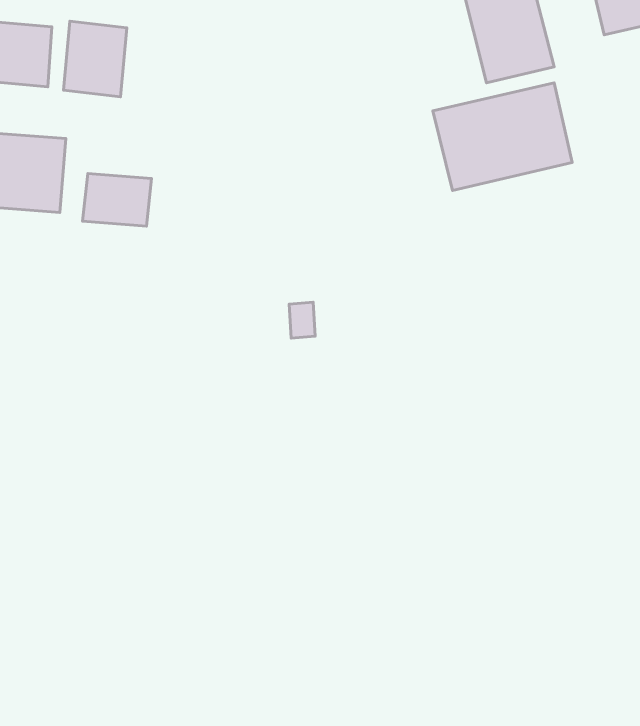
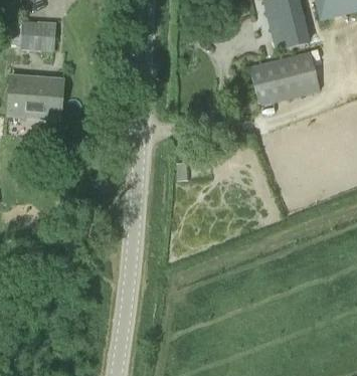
building: [63,21,127,97] -> none
building: [83,173,152,226] -> none

